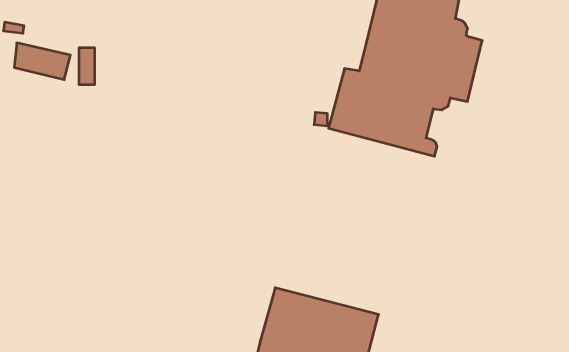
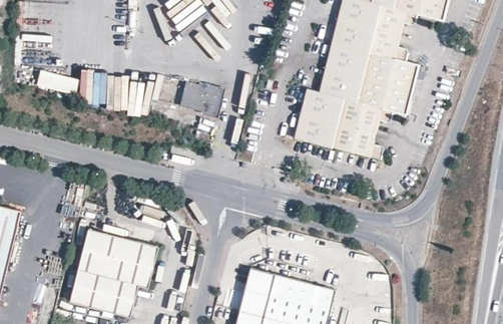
building: none -> [178,79,219,111]
building: none -> [69,227,157,315]

